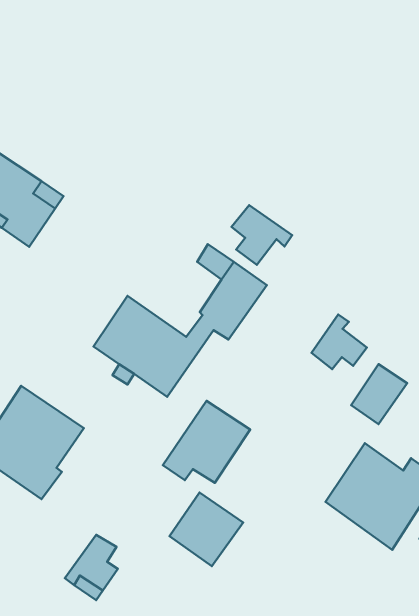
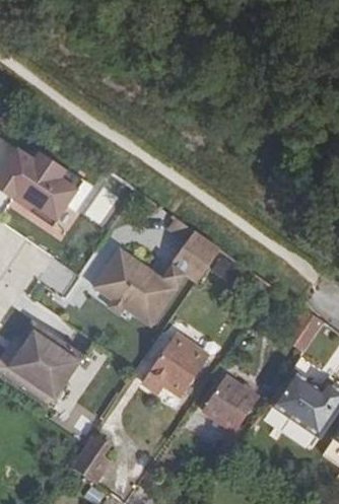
building: [232,205,292,265] -> none
building: [311,314,367,369] -> none
building: [169,492,243,566] -> [202,374,257,429]

